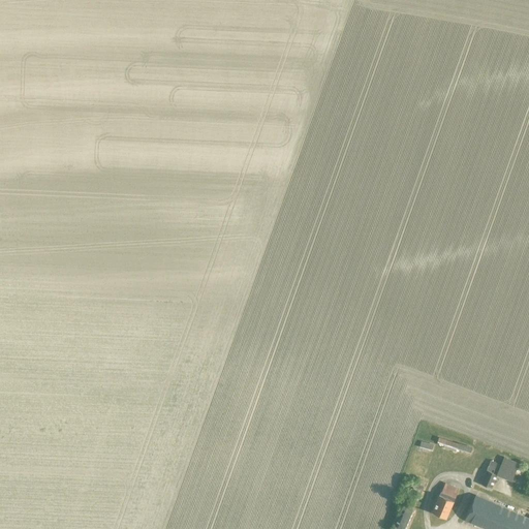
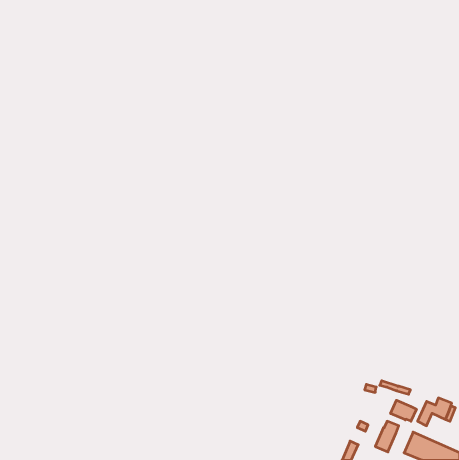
building: none -> [391,400,416,421]

